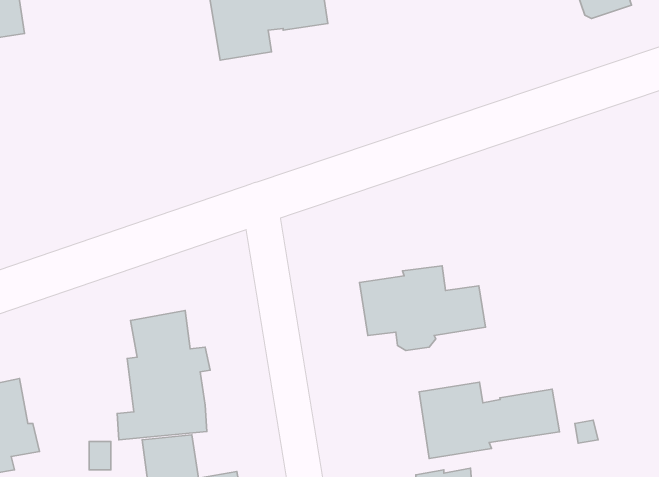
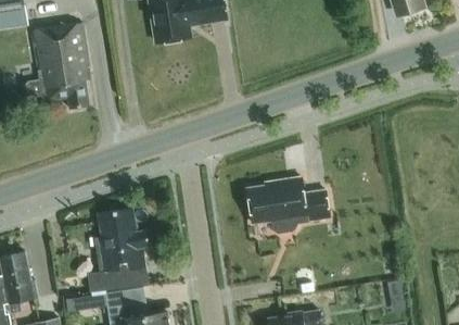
building: none -> [22,24,91,109]
building: [419,382,559,459] -> none

